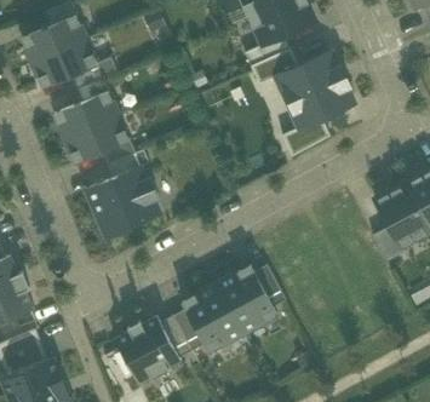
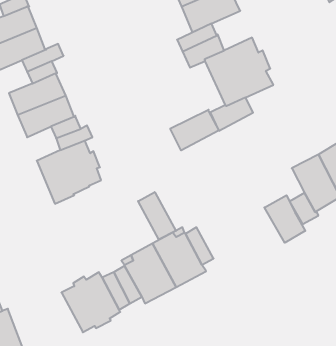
building: none -> [170,110,219,150]
building: none -> [138,192,176,239]
building: none -> [264,195,305,243]

